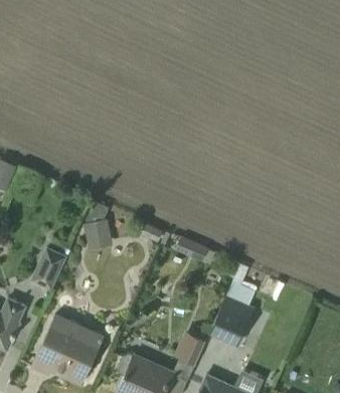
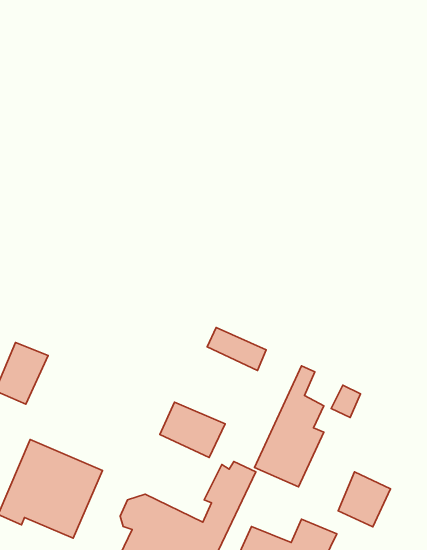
building: [83,217,115,249] -> none
building: none -> [160,402,225,457]
building: none -> [338,472,390,527]

